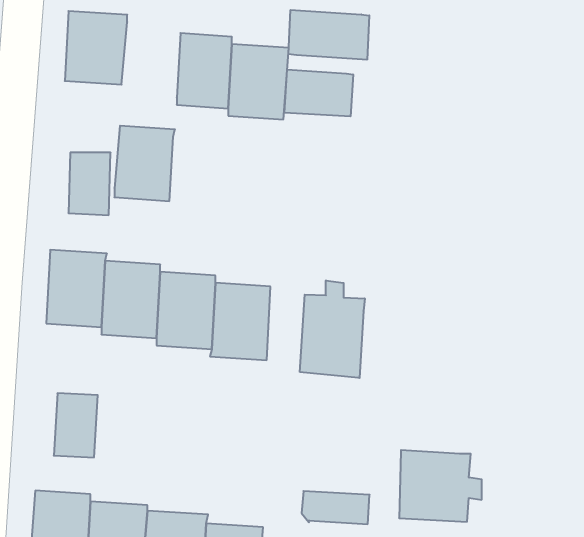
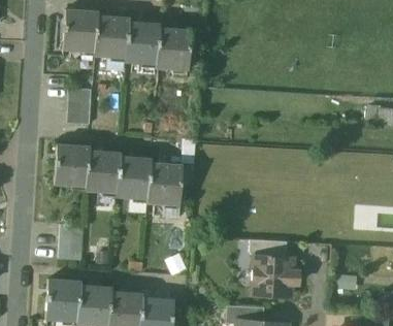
building: [289,10,369,60] -> none
building: [284,69,353,116] -> none
building: [114,126,175,201] -> [96,17,130,59]
building: [300,280,365,378] -> none
building: [302,491,370,524] -> [249,240,287,259]

